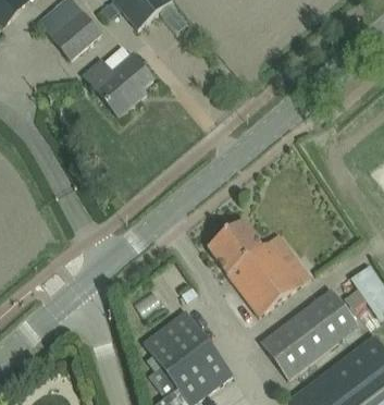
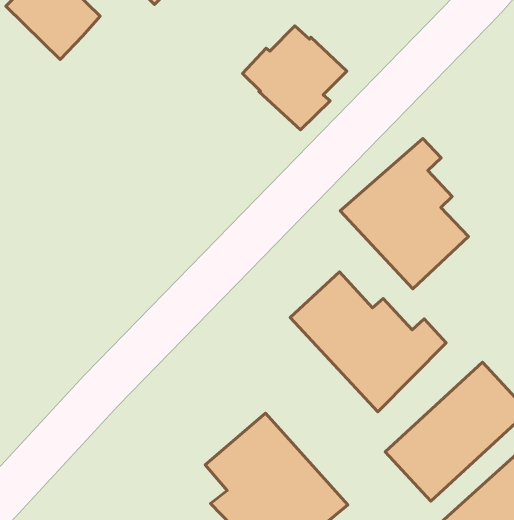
building: [85,46,154,115] -> [242,26,347,130]
building: none -> [340,138,468,289]

